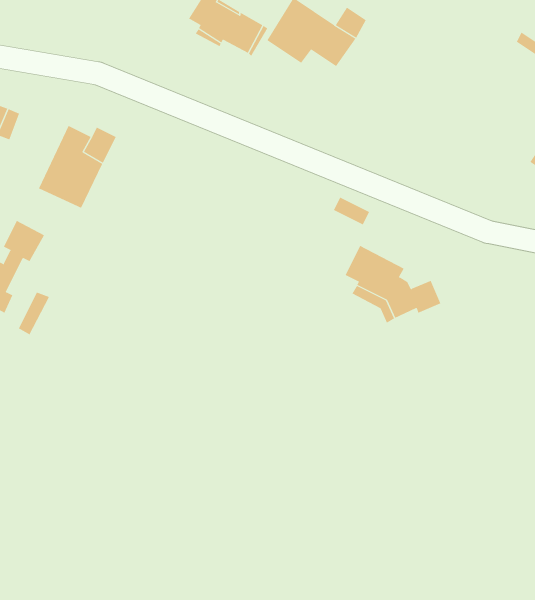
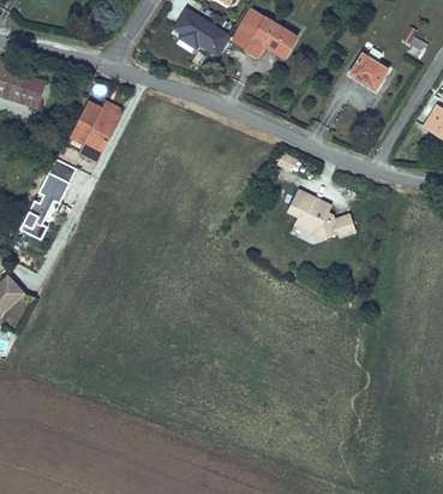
building: none -> [348,52,391,91]

